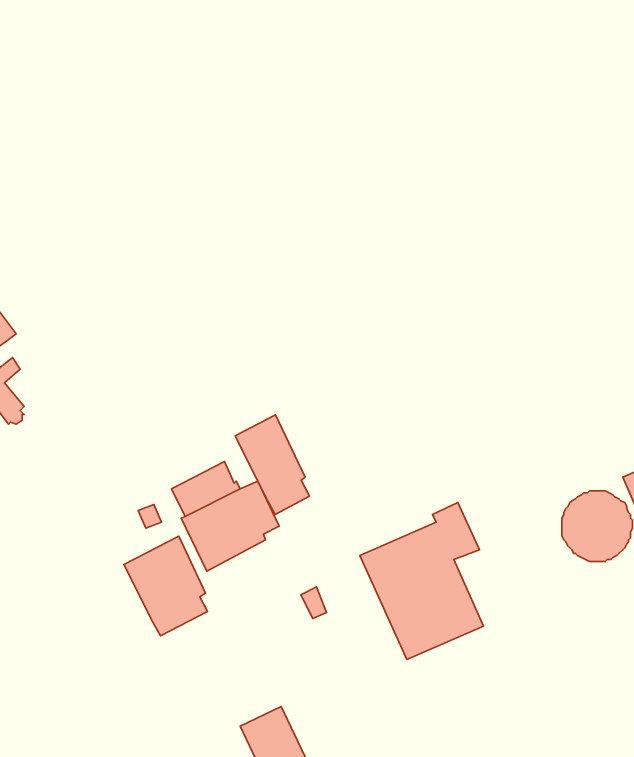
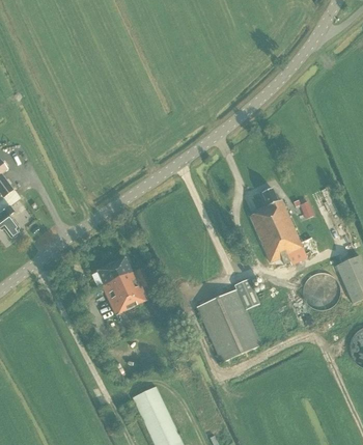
building: none -> [250,188,328,268]
building: [235,415,309,514] -> none
building: [124,536,207,636] -> none

